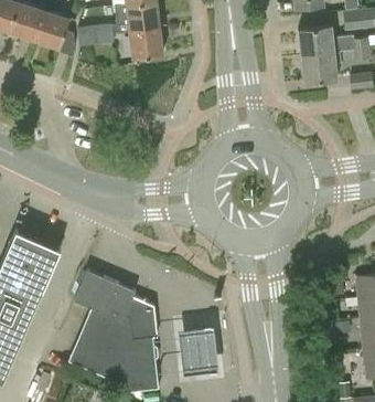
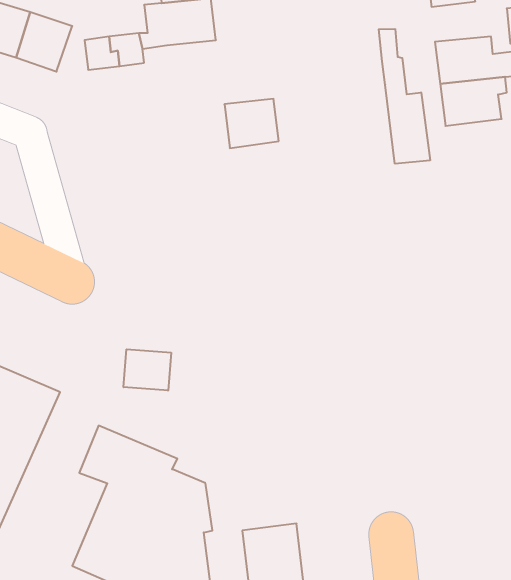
building: none -> [379,29,430,164]
building: [129,28,163,59] -> [224,99,279,148]
building: none -> [124,349,171,391]

